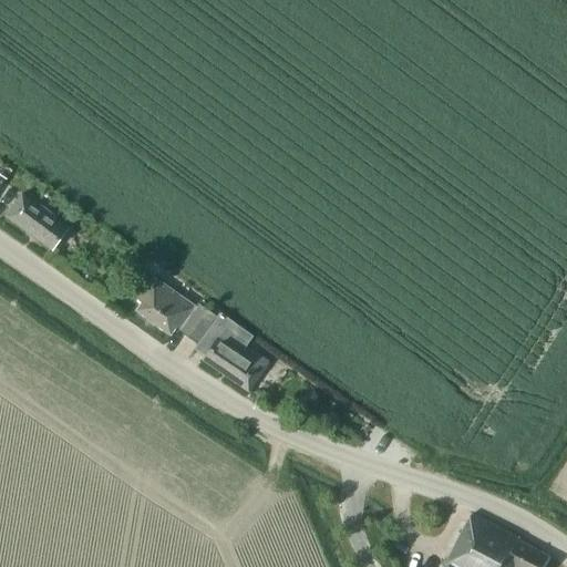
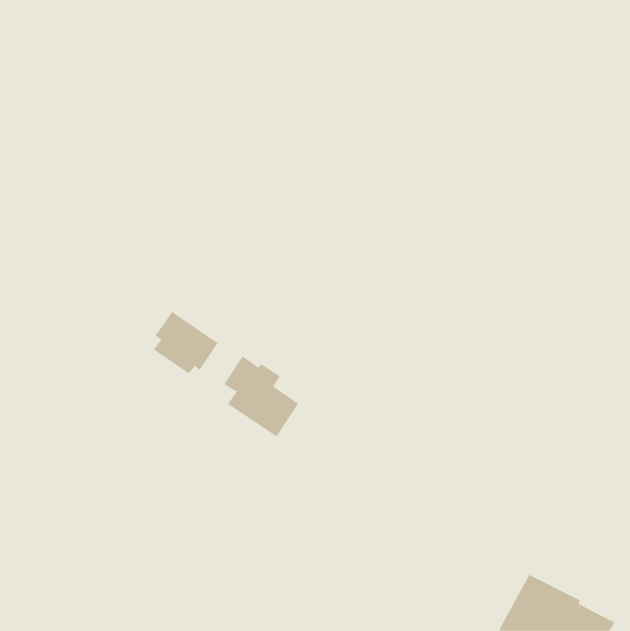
building: [8,197,69,251] -> none
building: [183,307,218,344] -> none

